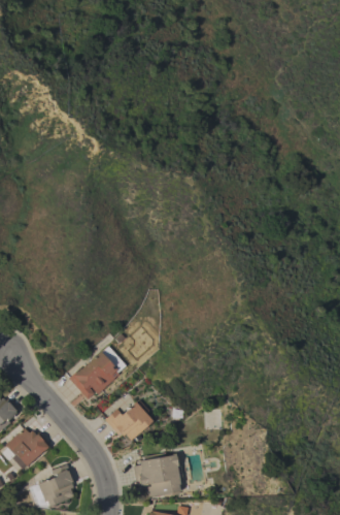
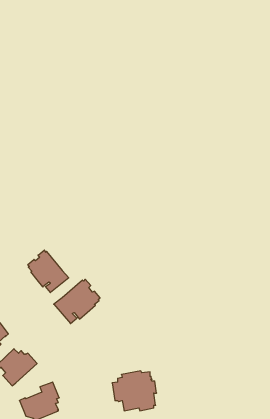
building: none -> [28,250,69,293]
building: [105,399,152,440] -> none

